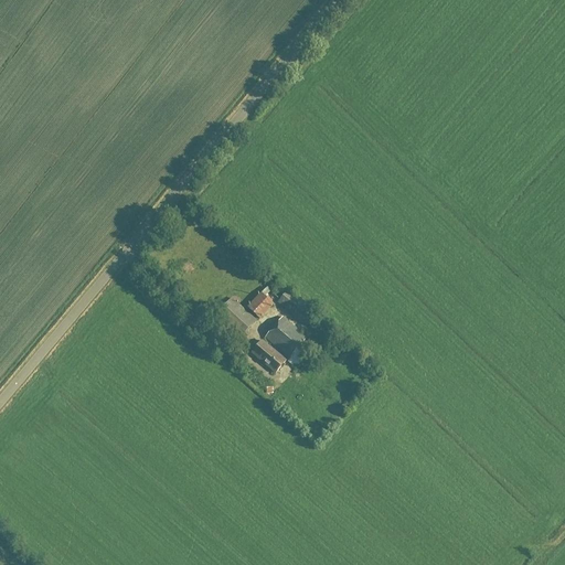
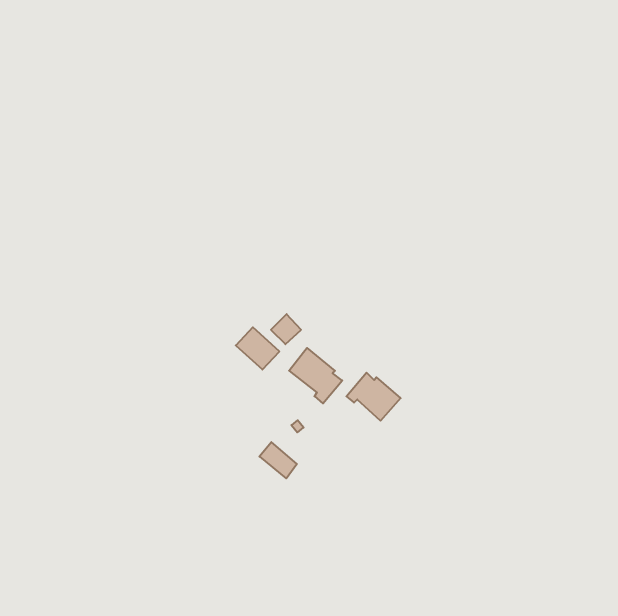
building: none -> [346,373,401,421]
building: [250,341,285,374] -> [259,442,297,478]

